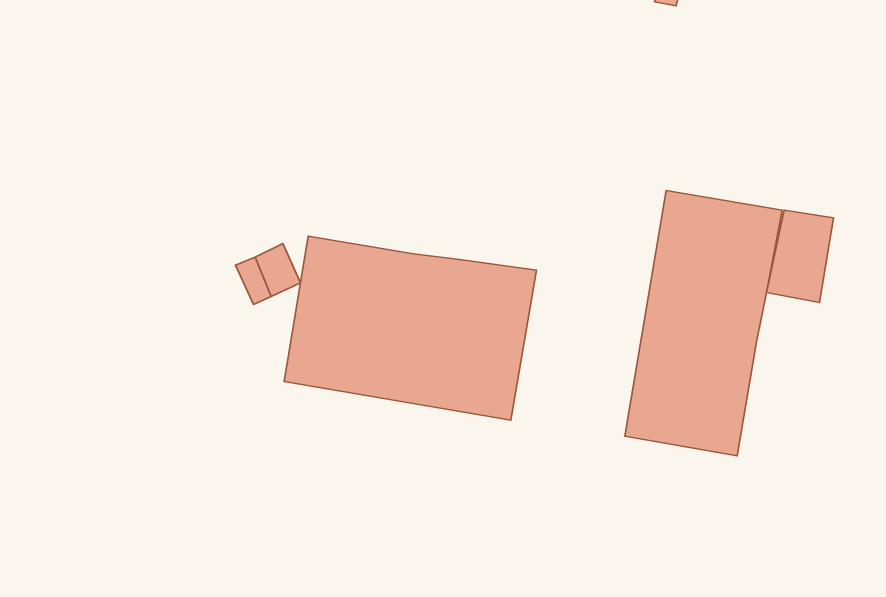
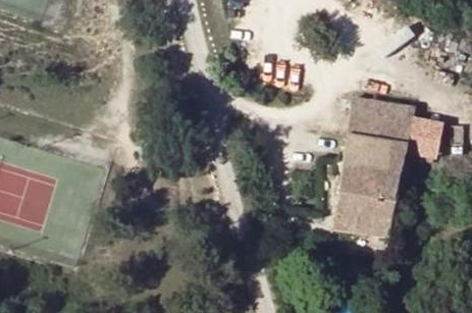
building: [284,236,536,420] -> none

